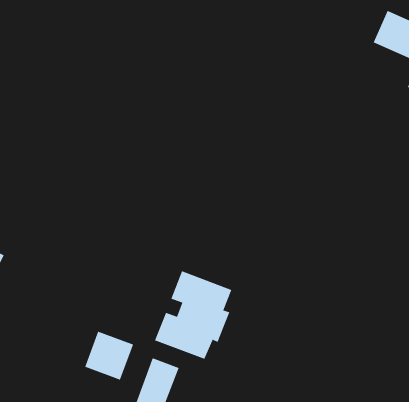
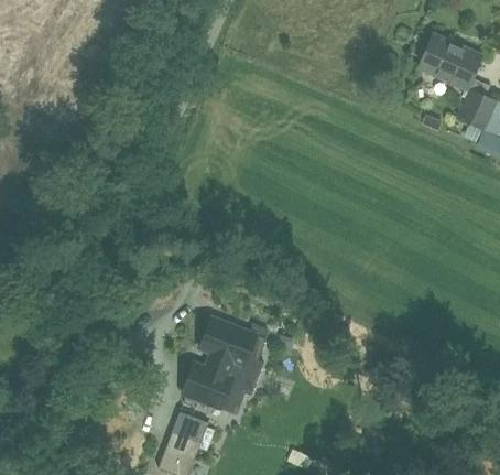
building: [84,331,134,380] -> none

